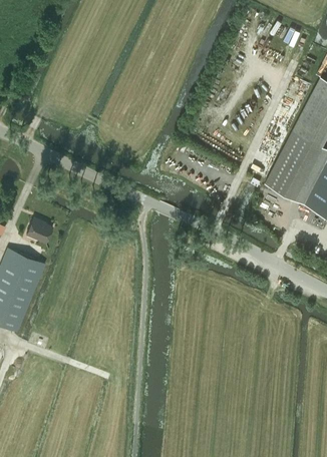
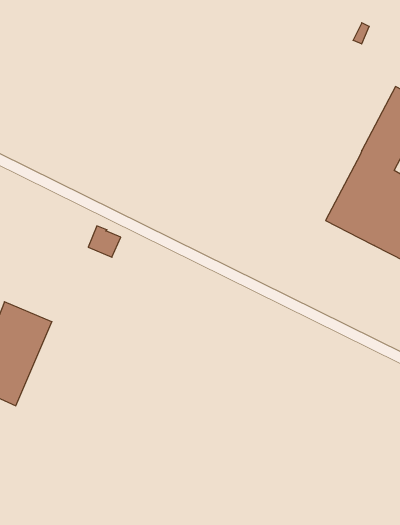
building: [26,219,52,245] -> [88,226,121,257]

